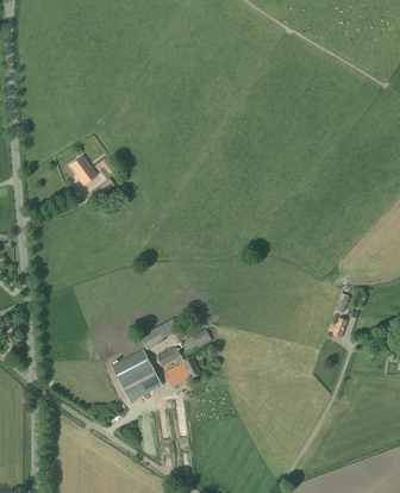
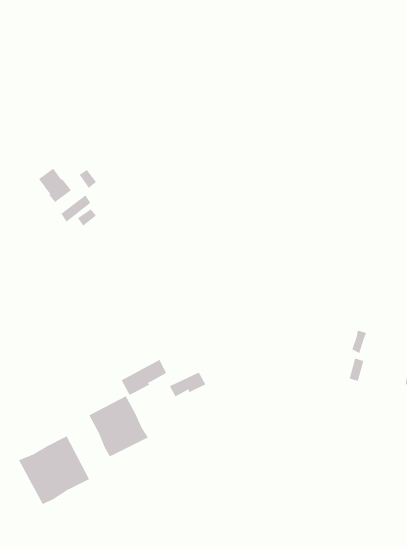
building: [156,347,199,385] -> none
building: none -> [18,436,90,505]

